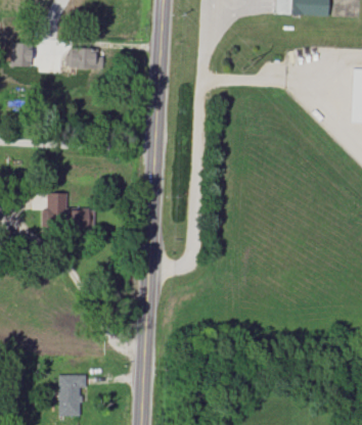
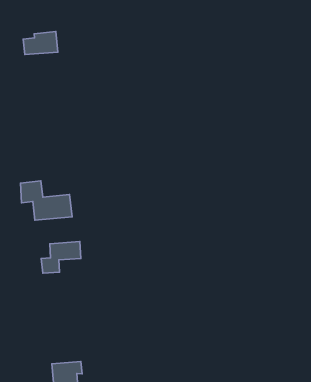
building: none -> [41,241,81,273]

